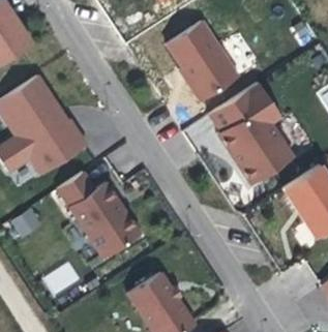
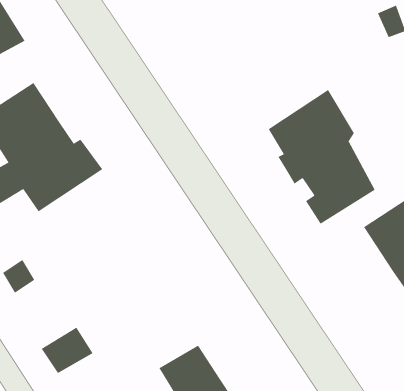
building: [170,22,238,101] -> none
building: [58,172,139,258] -> none

